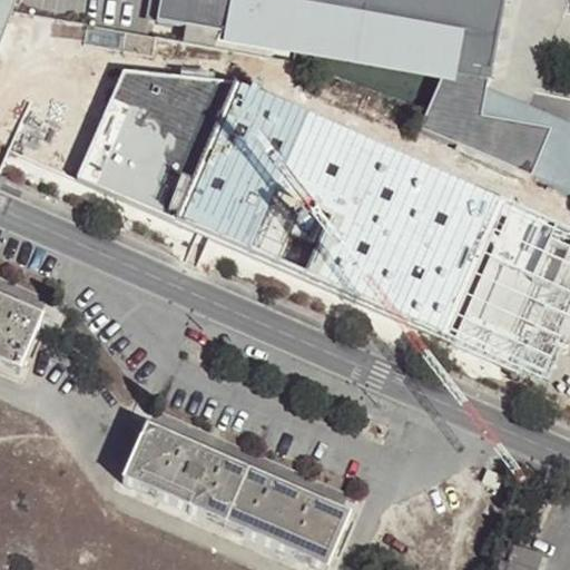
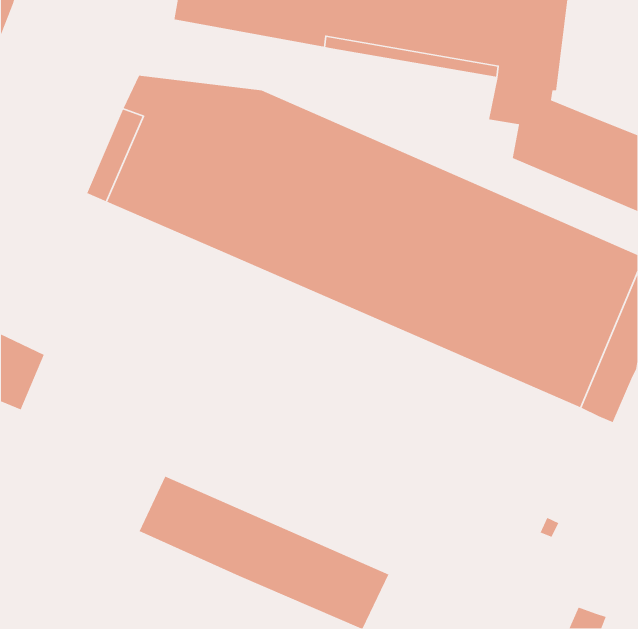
building: [419,69,462,141] -> none

